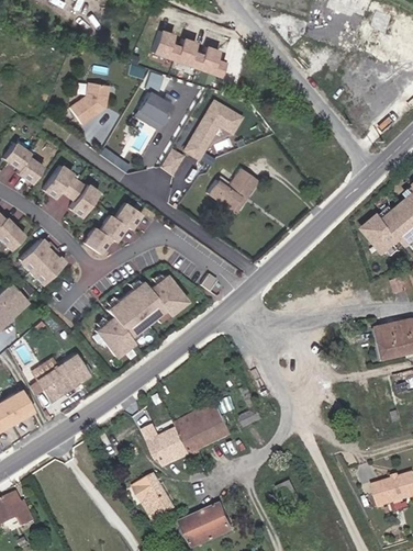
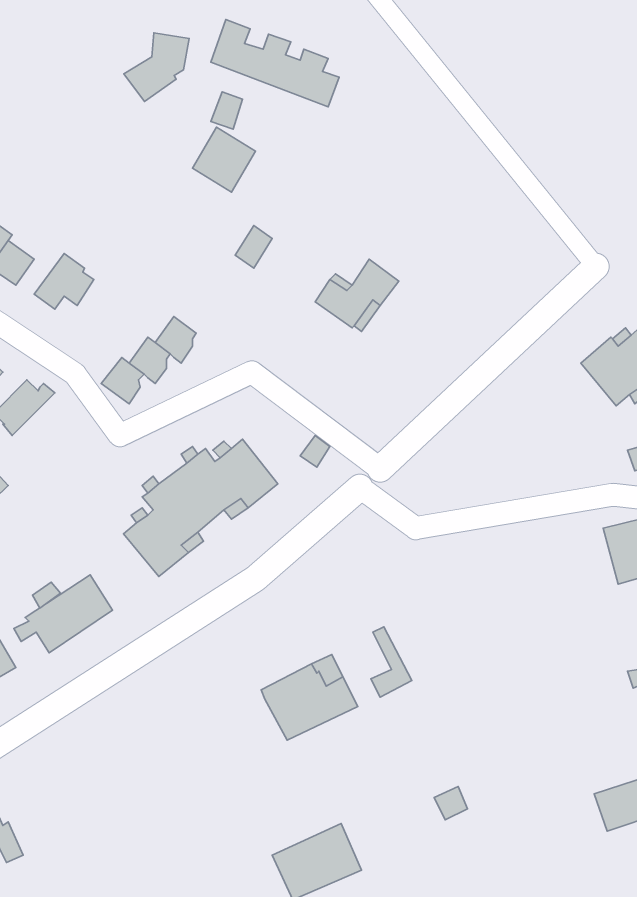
building: [70,83,109,124] -> [124,33,189,102]
building: [185,100,242,157] -> none
building: [68,180,99,217] -> none
building: [30,247,63,283] -> none
building: [146,425,192,464] -> none
building: [135,472,178,520] -> none

